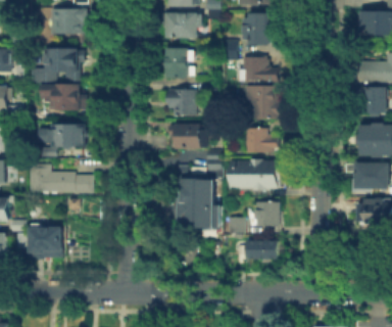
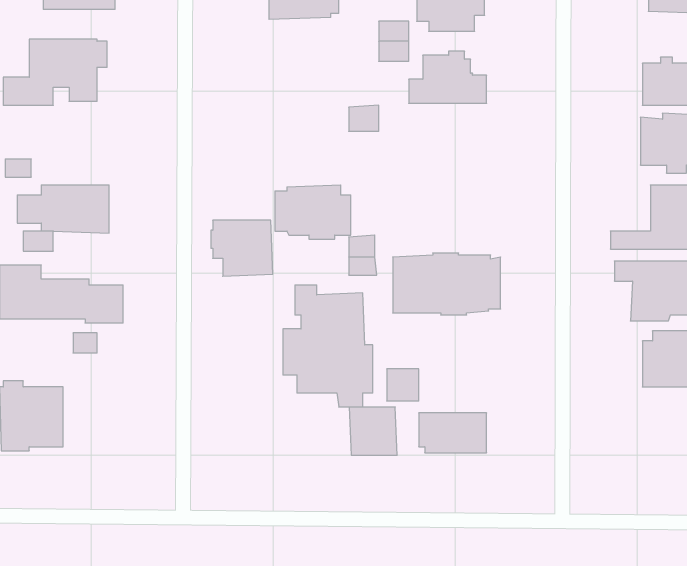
building: [162,48,194,79] -> none
building: [39,84,85,111] -> none
building: [245,84,291,119] -> none
building: [165,89,197,118] -> [211,220,273,276]
building: [243,128,277,152] -> none
building: [252,202,277,227] -> [349,407,397,455]

